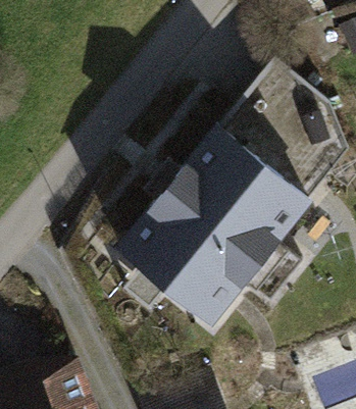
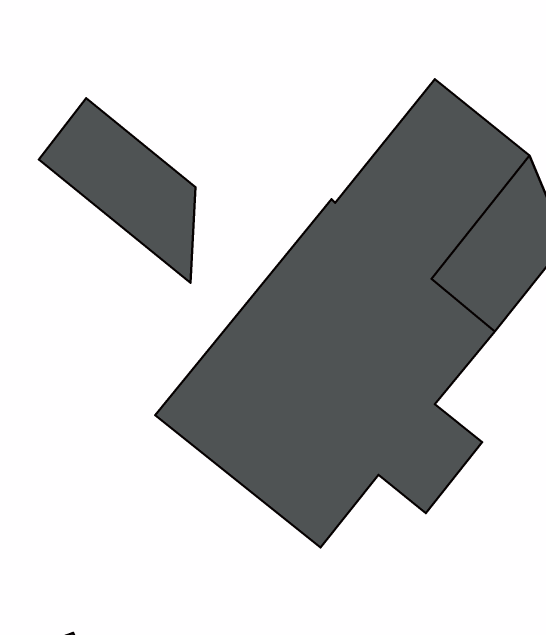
building: none -> [39,98,195,283]

